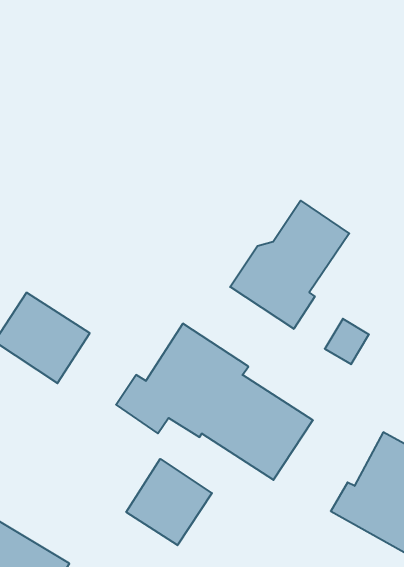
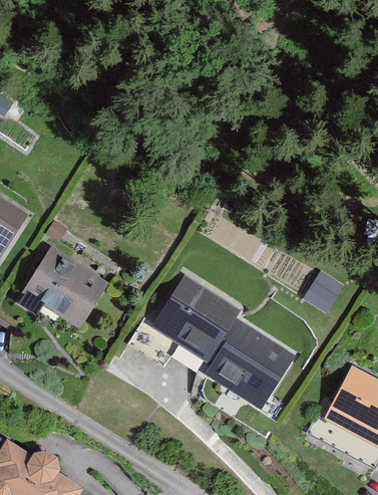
building: [230,201,349,329] -> none
building: [126,459,212,545] -> none

